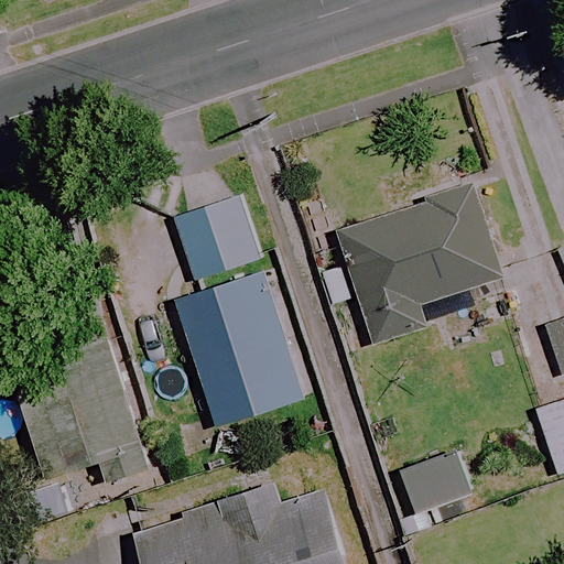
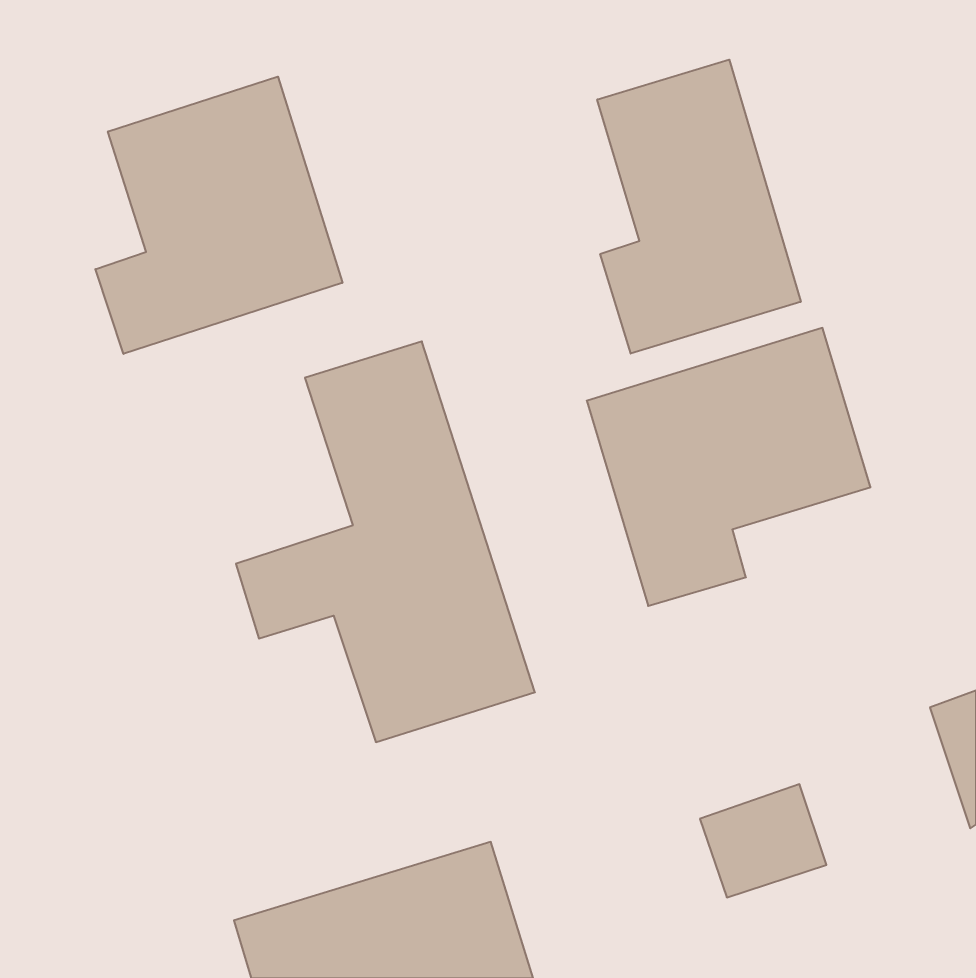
building: none -> [597,60,801,354]
building: none -> [95,77,342,354]

